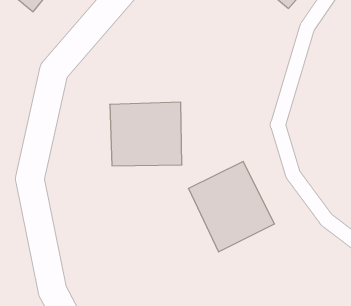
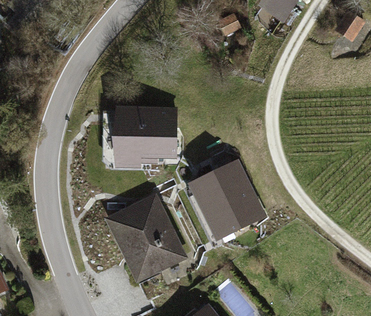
building: none -> [107,194,184,278]

